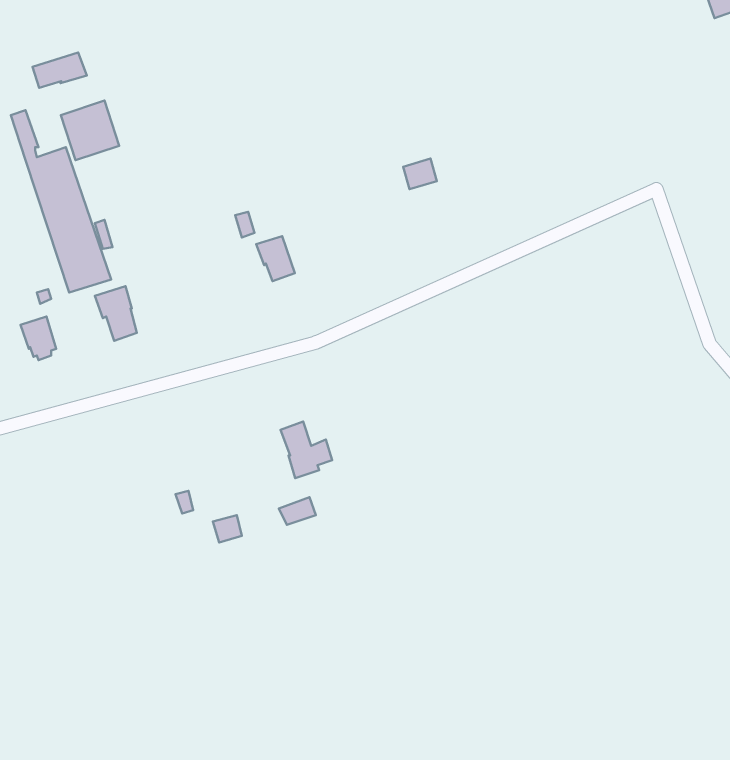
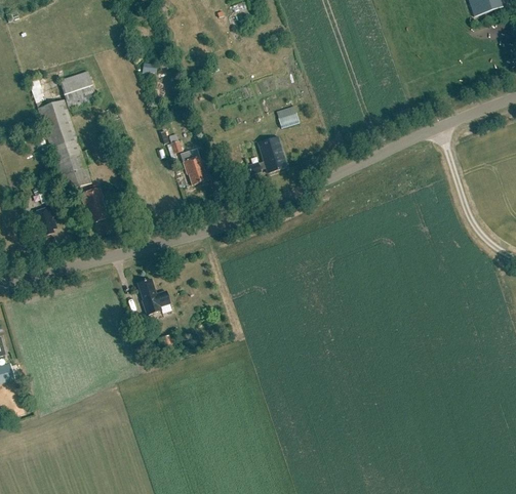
building: [33,52,87,88] -> none
building: none -> [248,135,287,173]
building: [280,422,332,478] -> [136,278,169,314]

